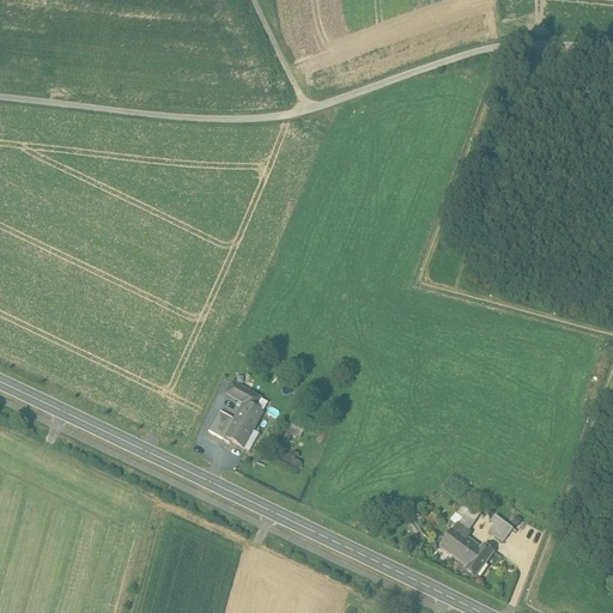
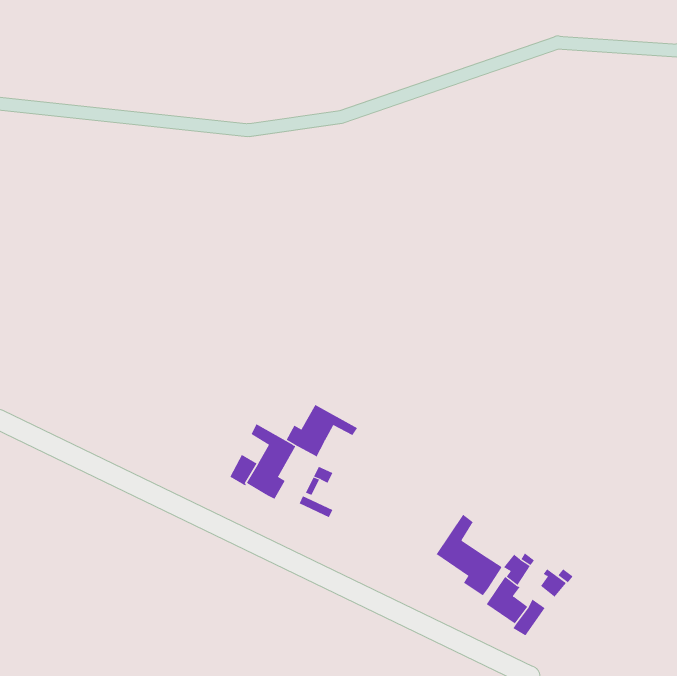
building: none -> [286,404,358,458]
building: none -> [436,514,503,596]

